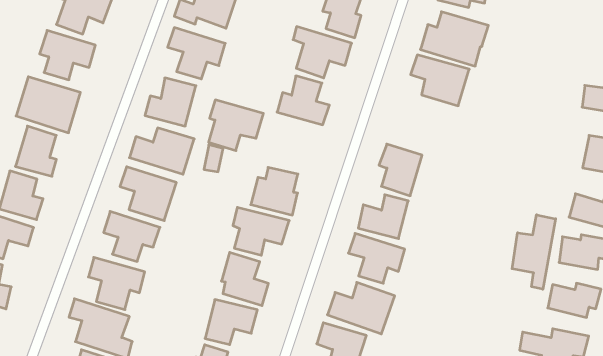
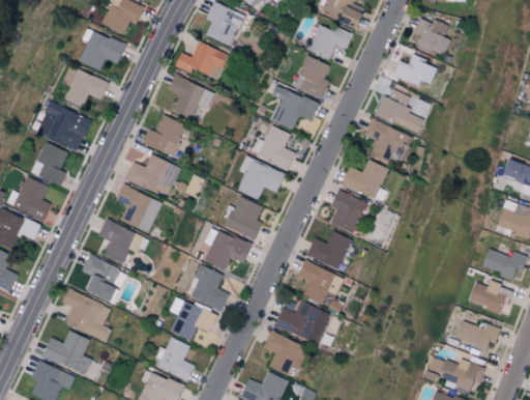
building: [209,100,263,151] -> [237,156,285,200]
building: none -> [342,160,389,203]
building: [512,215,556,289] -> none

